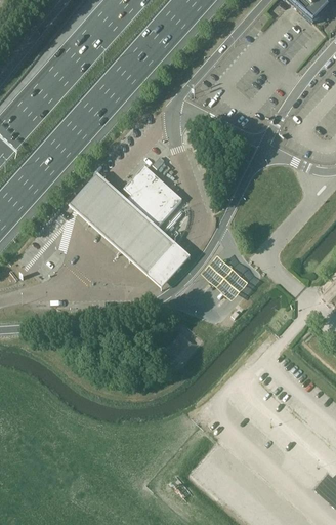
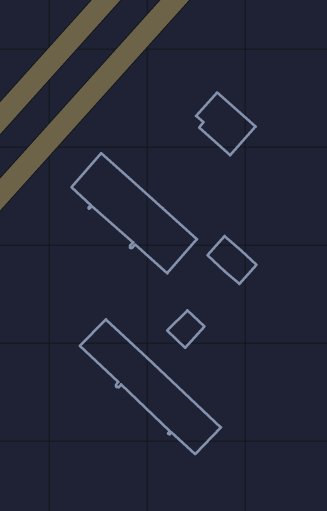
building: [125,165,182,226] -> [196,93,256,155]
building: none -> [80,319,221,454]

